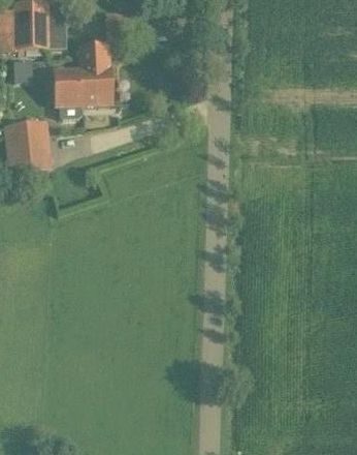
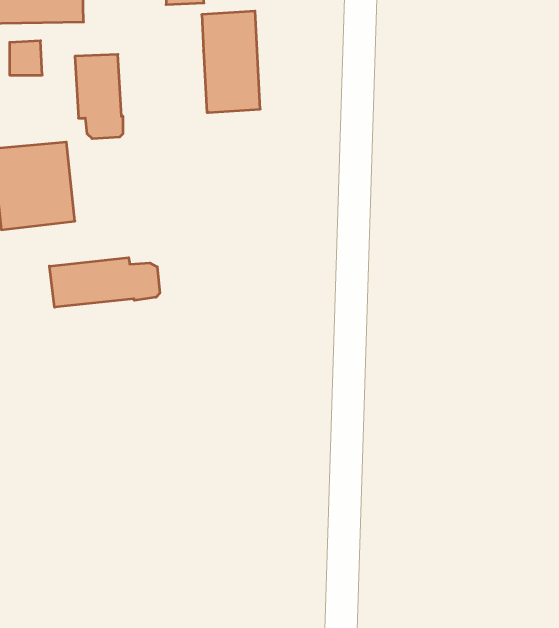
building: [78,43,113,104] -> [202,11,260,112]
building: none -> [49,258,160,307]

